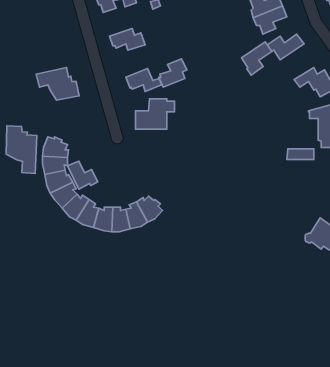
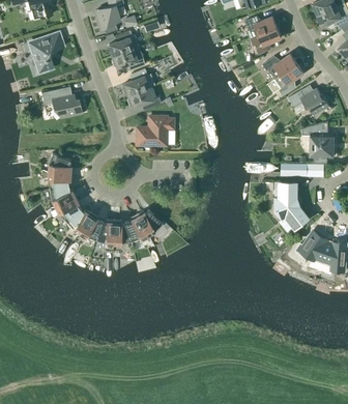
building: none -> [108,30,139,56]
building: none -> [30,33,62,70]
building: [241,42,272,75] -> [274,63,303,95]
building: [159,59,187,87] -> [122,68,149,95]
building: [6,126,37,174] -> none
building: [67,161,98,189] -> none
building: none -> [276,182,309,227]

